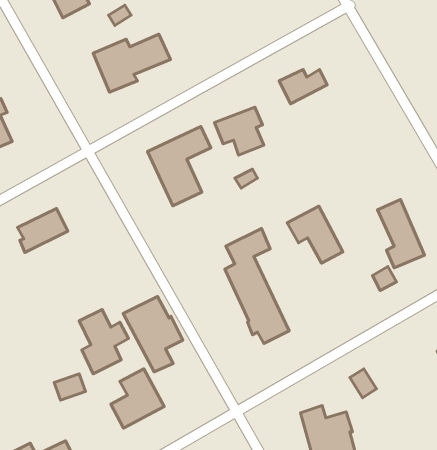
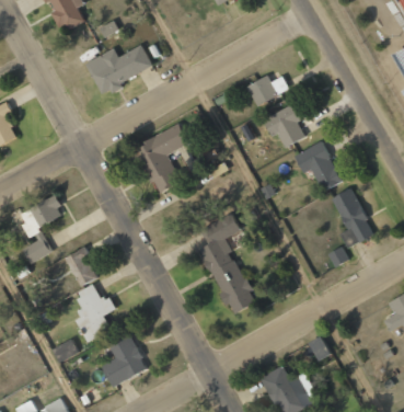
building: [214,107,264,155] -> [262,104,304,146]
building: [287,206,343,263] -> [292,141,340,191]
building: none -> [21,236,53,263]
building: none -> [65,248,96,286]
building: [123,296,183,372] -> none

